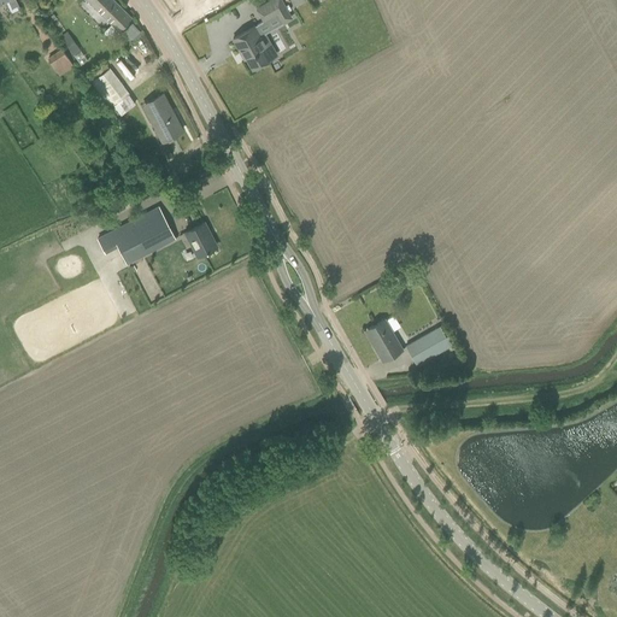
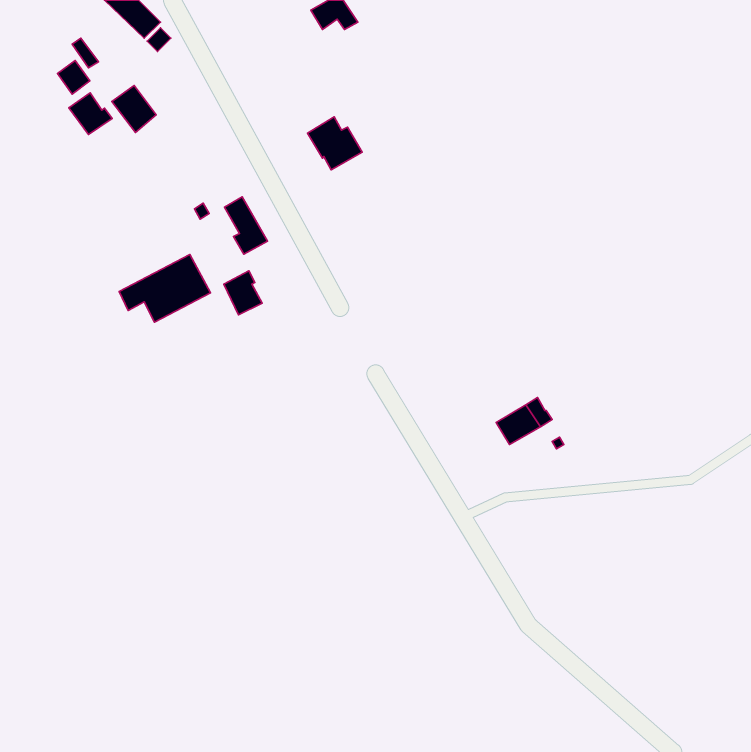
building: [234,25,278,69] -> [308,117,362,170]
building: none -> [69,93,112,134]
building: [148,94,183,141] -> [225,197,267,254]
building: [369,319,402,360] -> none

